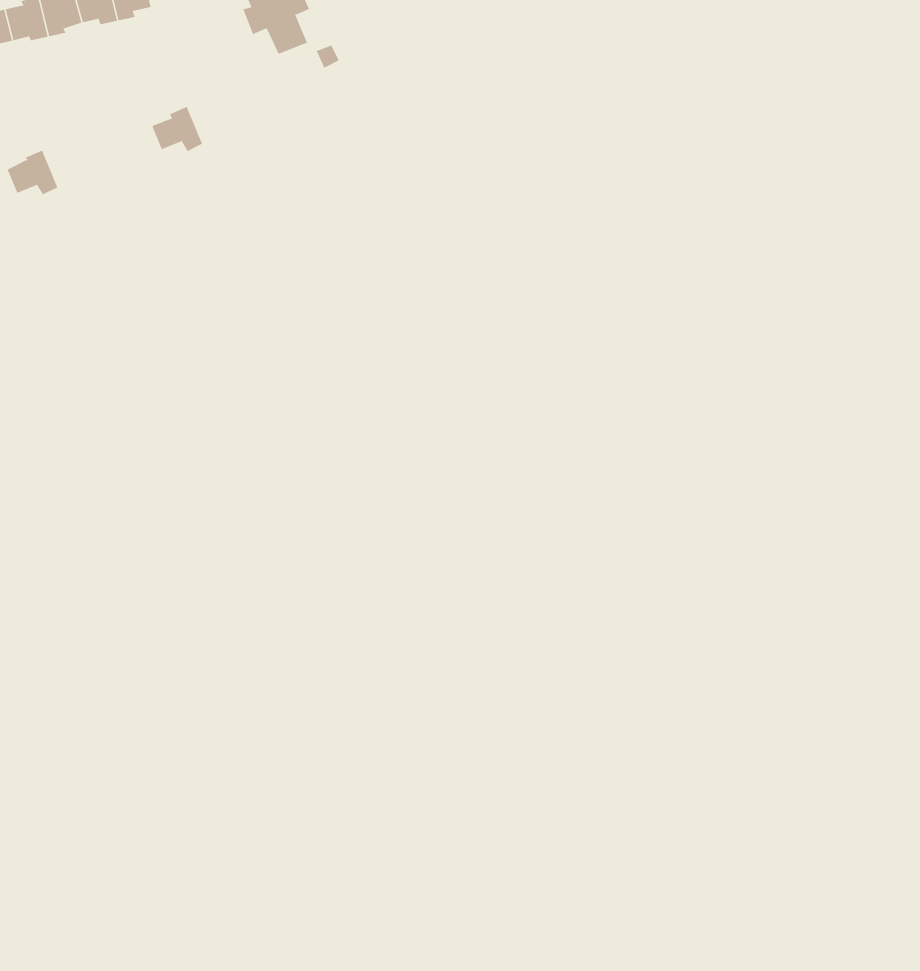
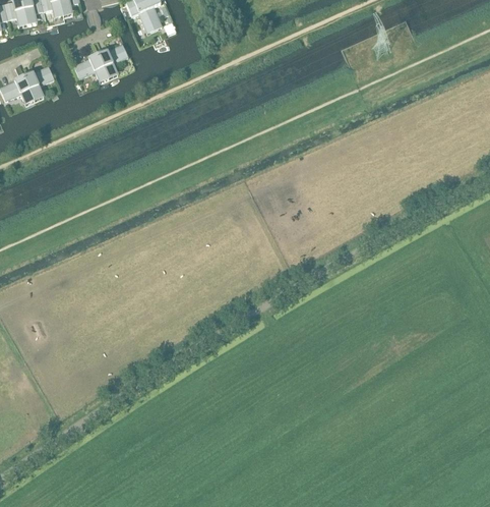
building: none -> [98,48,123,74]
building: none -> [23,70,49,97]

